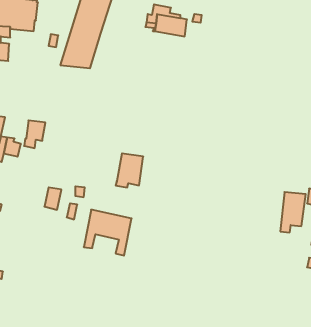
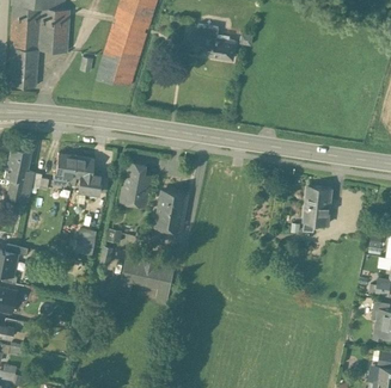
building: none -> [73,158,102,195]
building: none -> [123,165,149,205]
building: [280,192,306,232] -> [303,187,331,233]

